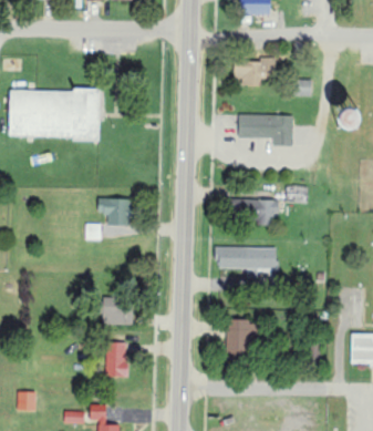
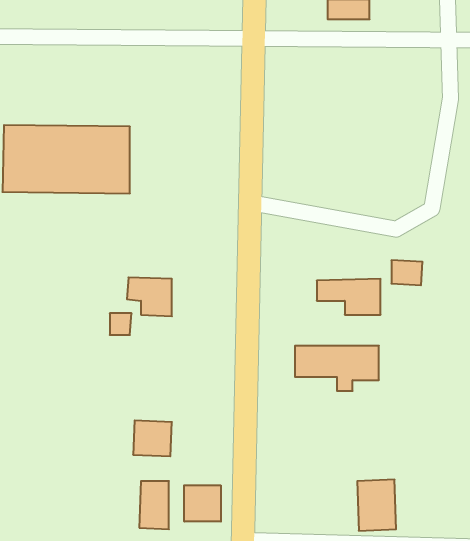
building: [234,58,273,86] -> none
building: [238,114,293,146] -> none
building: [227,319,255,356] -> [357,480,396,531]
building: none -> [184,485,221,522]

